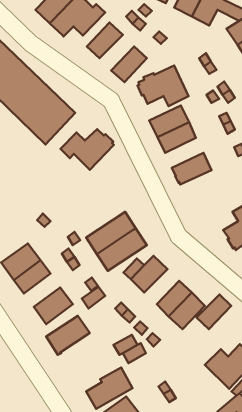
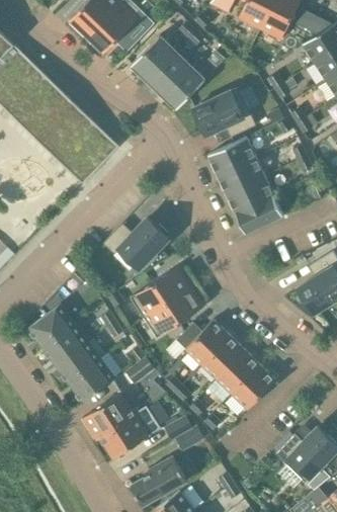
building: none -> [148,52,190,95]
building: [61,129,114,170] -> [104,220,169,269]
building: none -> [228,177,274,214]
building: none -> [56,342,100,382]
building: [196,294,231,329] -> [202,337,245,379]
building: none -> [100,407,161,459]

